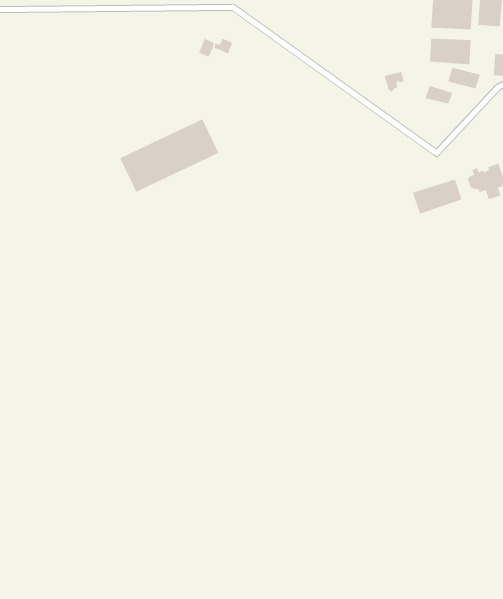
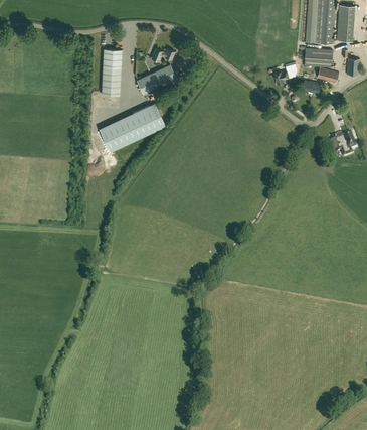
building: none -> [102,49,122,96]
building: none -> [138,65,178,95]
building: [412,179,463,215] -> none

